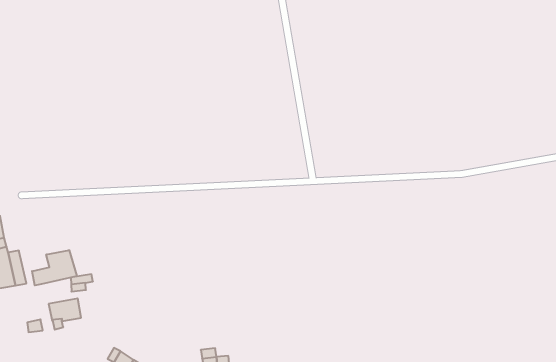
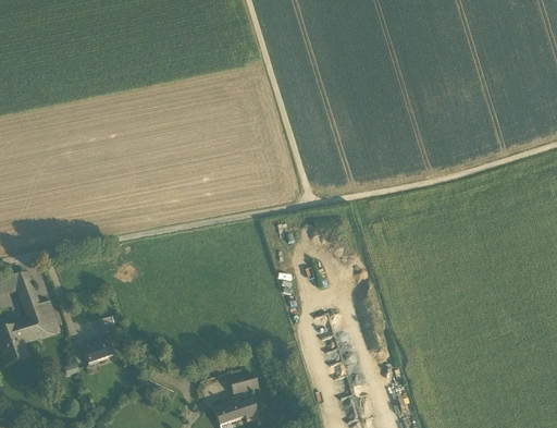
building: [32,250,77,285] -> none

